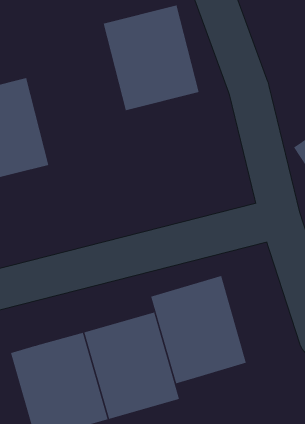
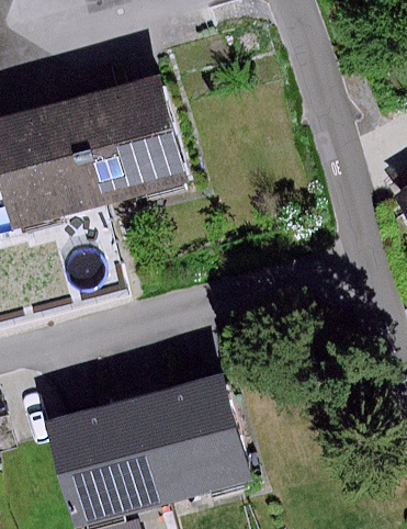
building: [103,5,199,111] -> [70,79,184,204]
building: [150,275,247,384] -> none

